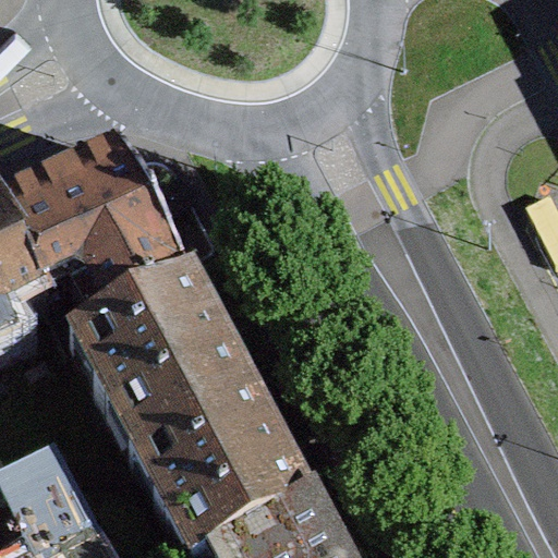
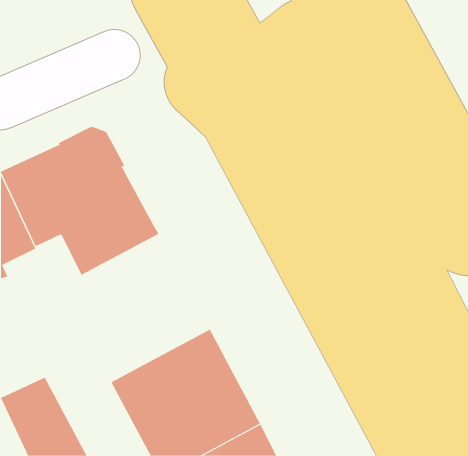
building: [74,277,252,452] -> none

